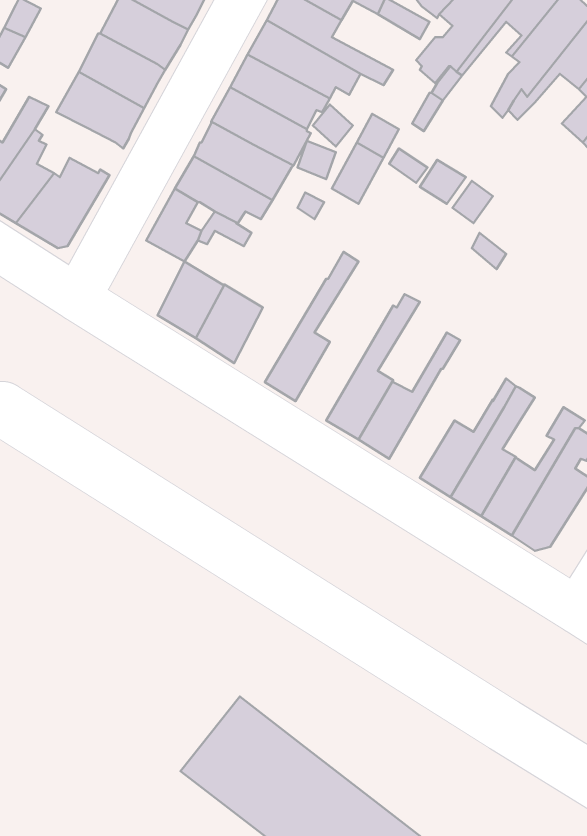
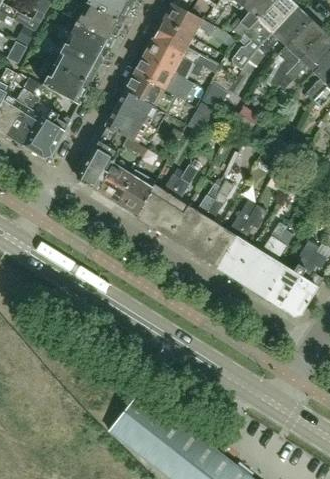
building: none -> [78,152,110,191]
building: none -> [136,167,184,226]
building: none -> [168,183,219,246]
building: none -> [217,203,267,276]

